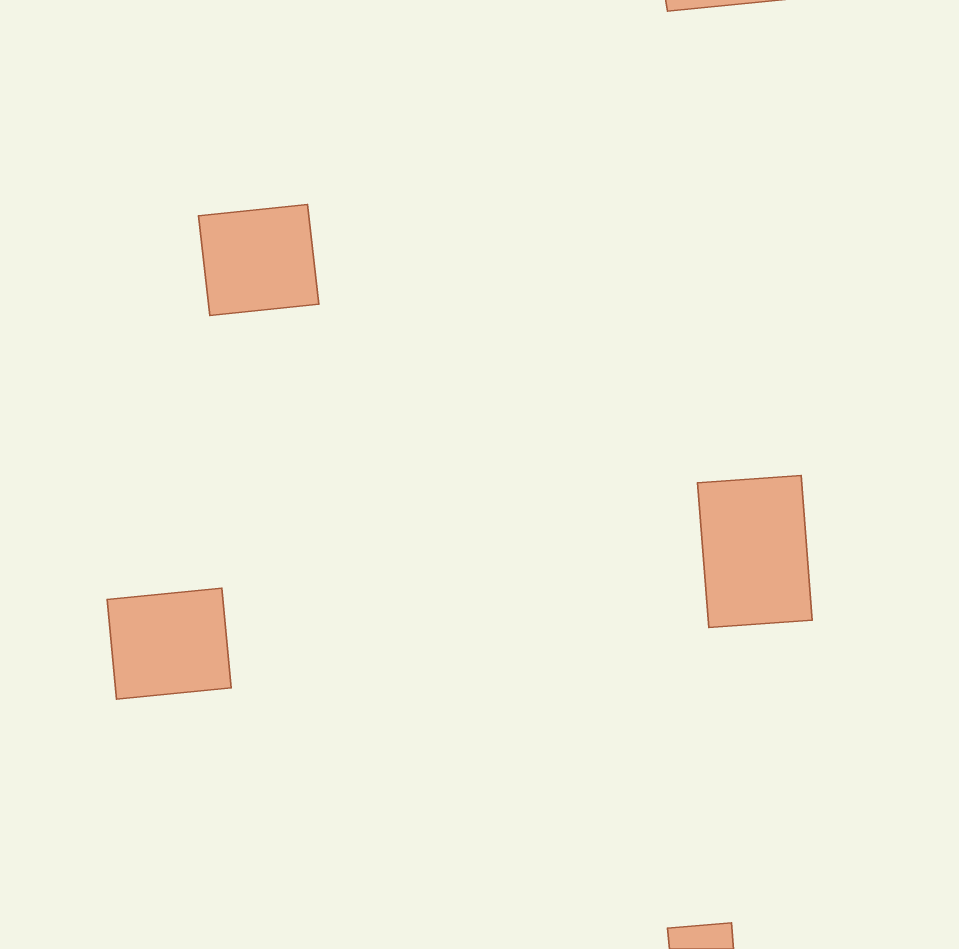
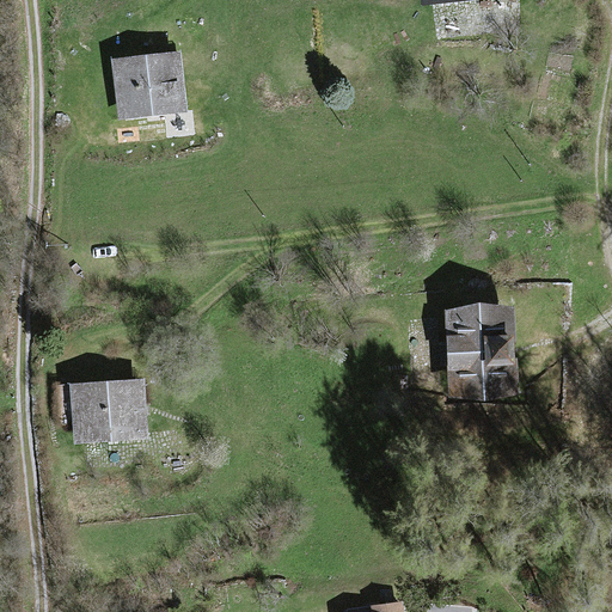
building: [198,205,319,315] -> [110,50,186,121]

